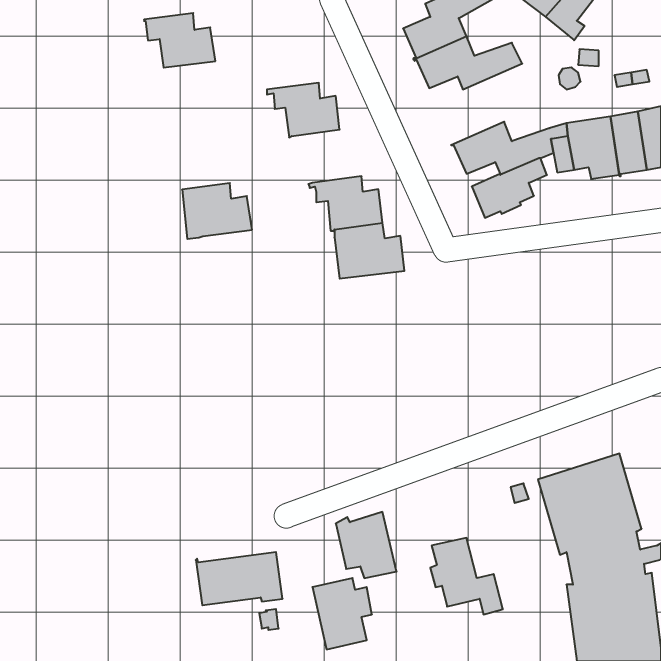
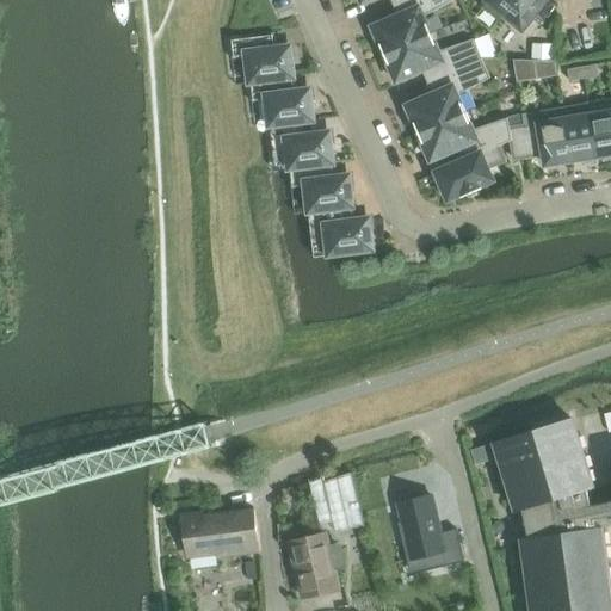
building: [144,13,215,68] -> [228,32,294,82]
building: none -> [405,58,489,134]
building: [182,183,252,239] -> [269,119,333,171]

